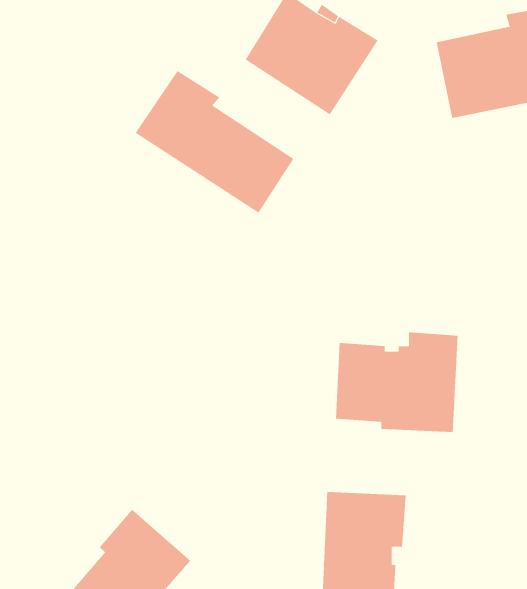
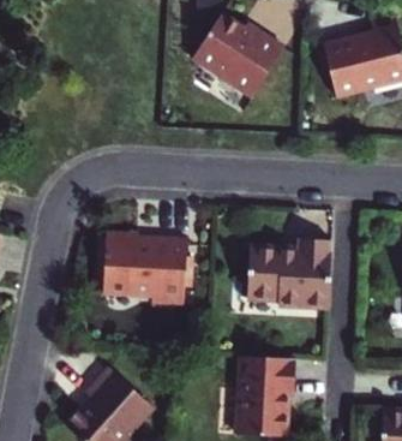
building: [135,70,294,214] -> none
building: none -> [96,232,192,305]

